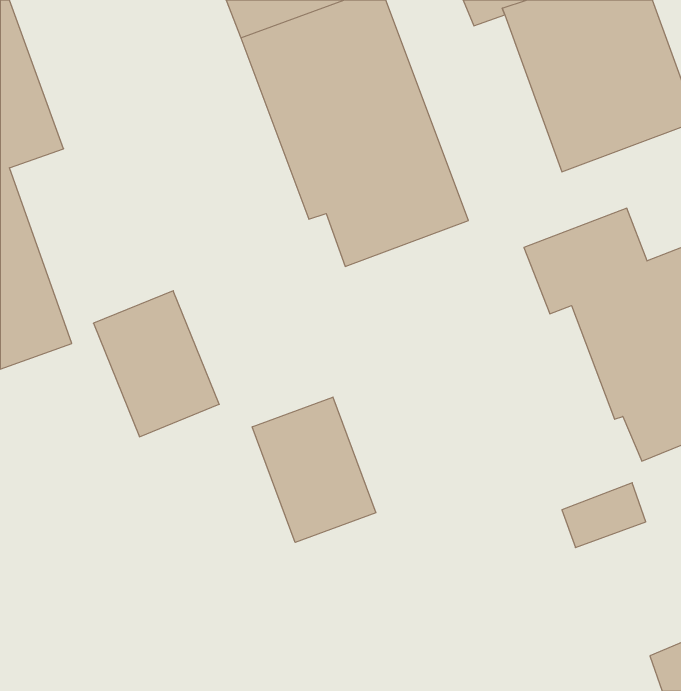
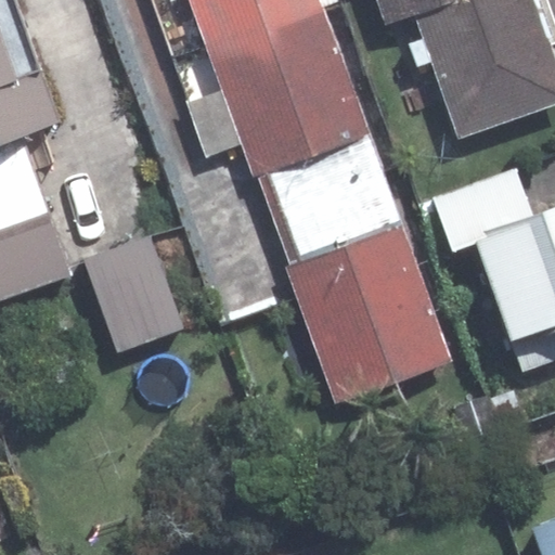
building: none -> [285,177,452,403]
building: [252,397,376,542] -> none

